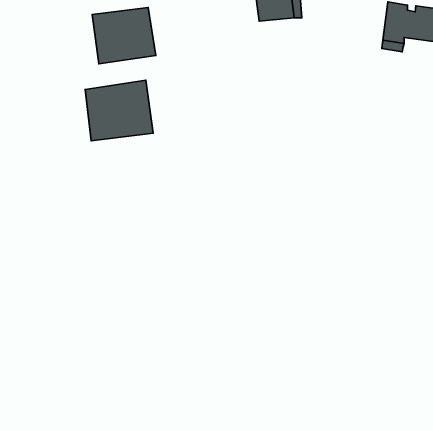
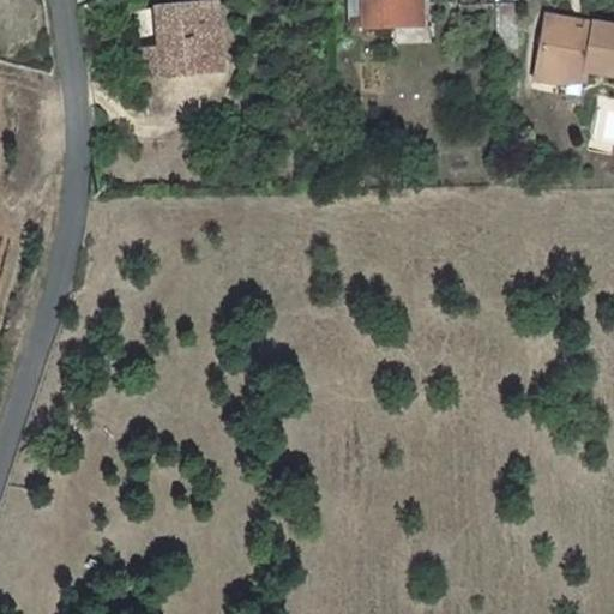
building: [85,80,153,141] -> none

